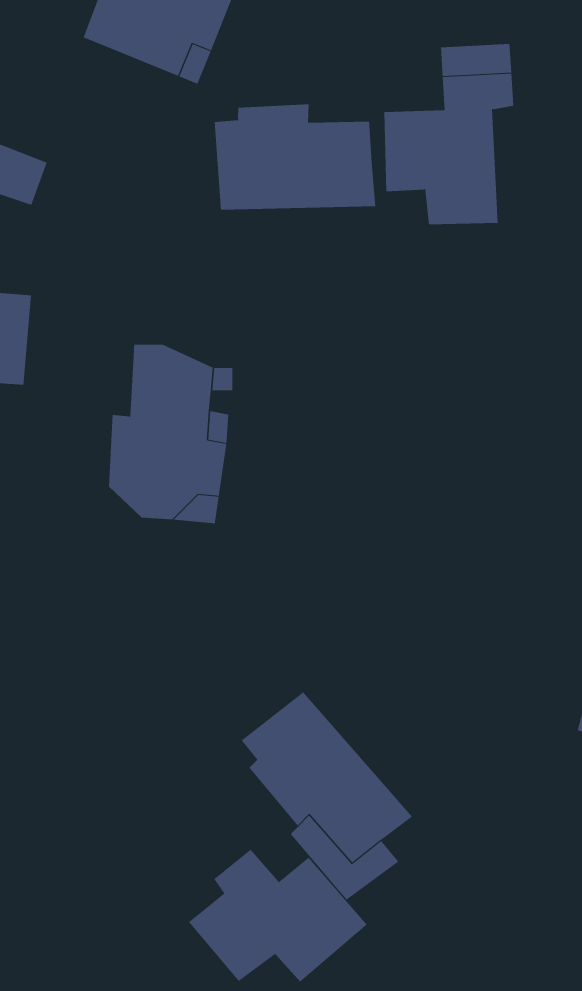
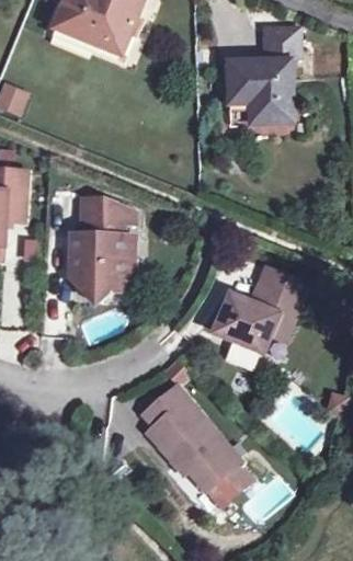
building: [214,103,376,211] -> none
building: none -> [217,272,298,353]
building: [188,849,367,982] -> none

